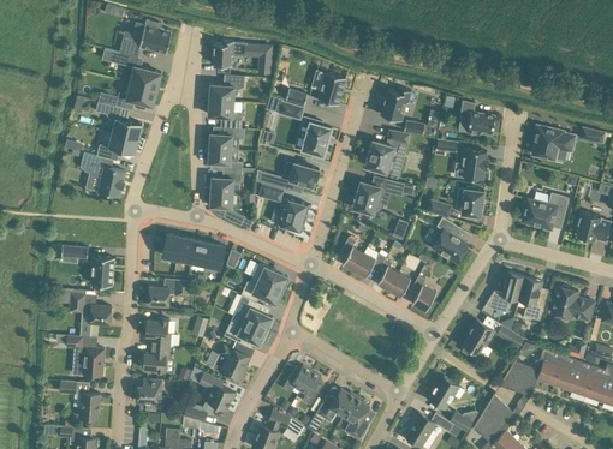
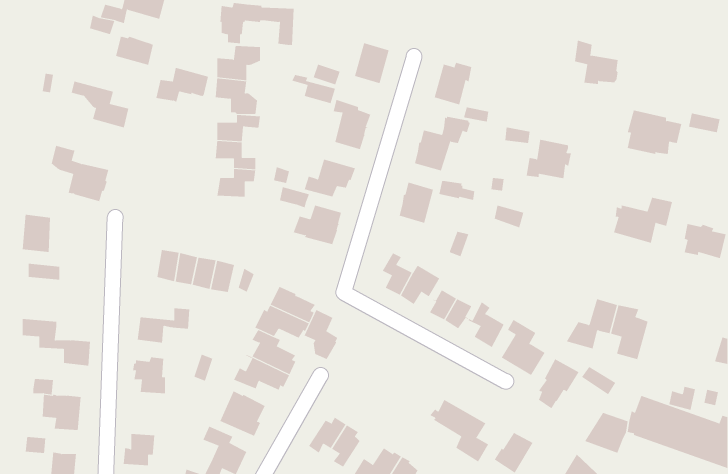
building: [115,83,157,110] -> [155,67,209,103]
building: [460,100,495,134] -> [574,40,619,84]
building: [97,132,138,161] -> none
building: [456,186,484,216] -> none
building: [210,192,245,226] -> none
building: [433,217,468,262] -> [501,319,545,376]
building: [91,256,114,286] -> [22,214,51,253]
building: none -> [304,309,338,360]
building: [552,286,594,321] -> none
building: [142,346,171,373] -> none
building: none -> [429,399,489,462]

